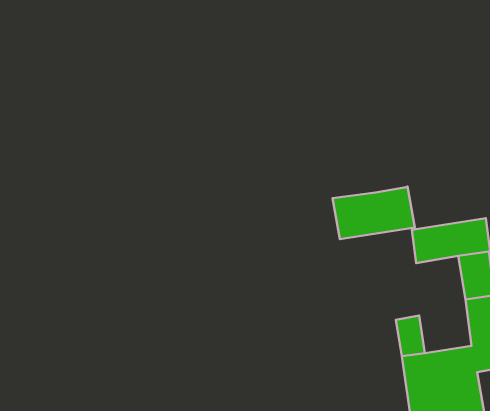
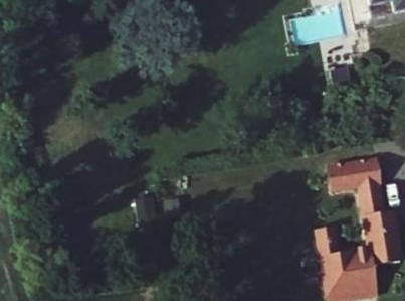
building: [333,187,415,239] -> none

